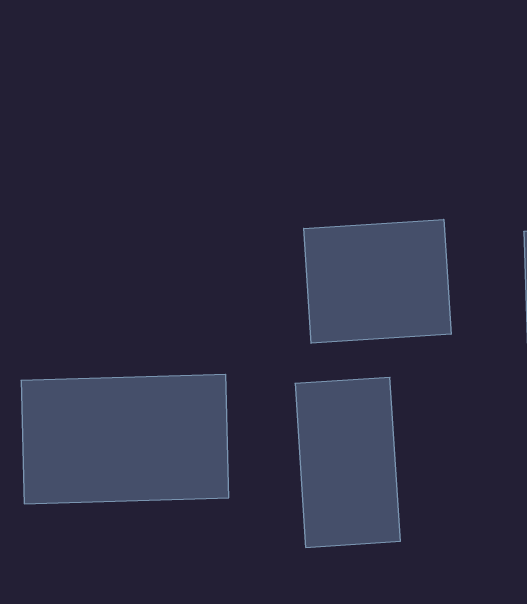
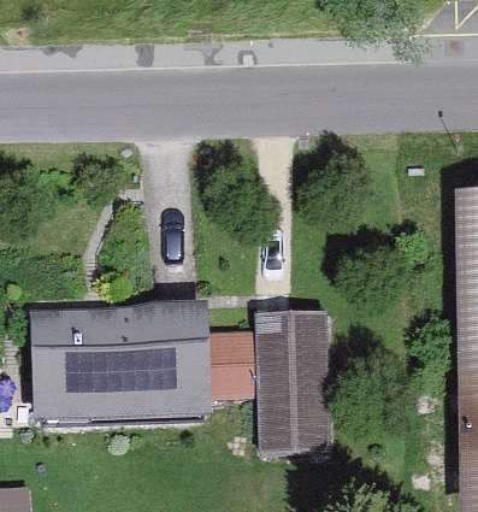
building: [304,219,451,343] -> none

